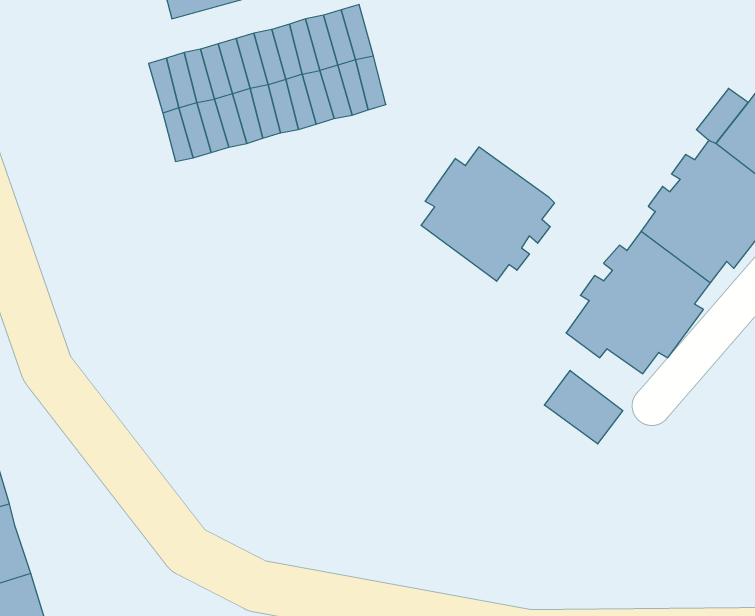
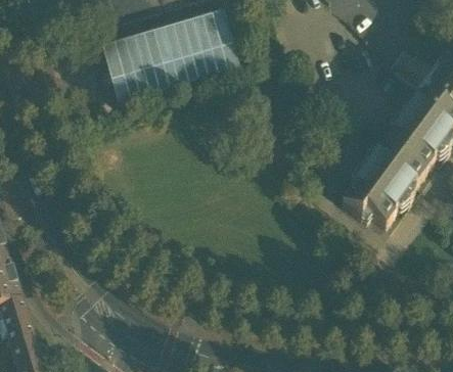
building: [421,147,554,281] -> none
building: [544,370,623,444] -> none

